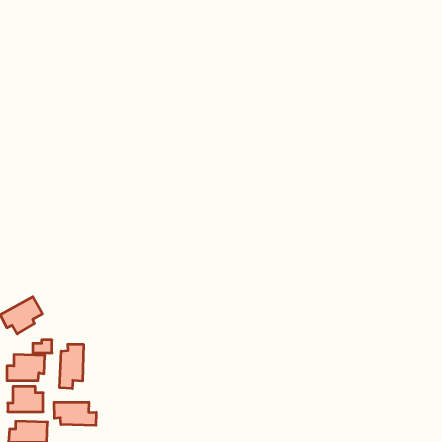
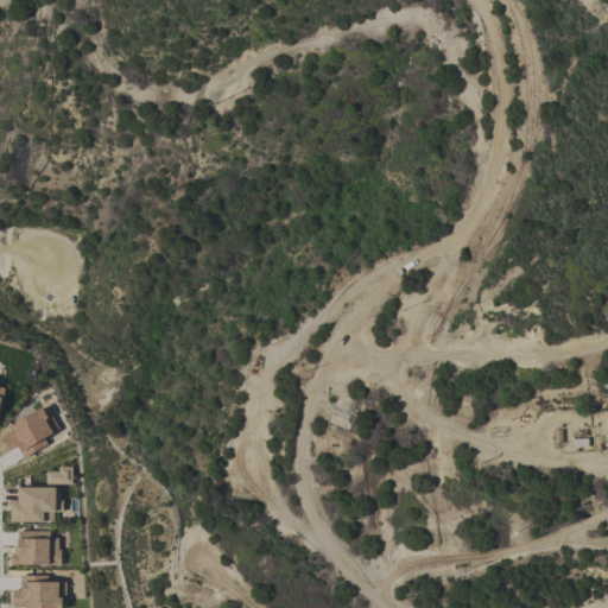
building: [60,344,83,389] -> none
building: [54,402,96,425] -> none

